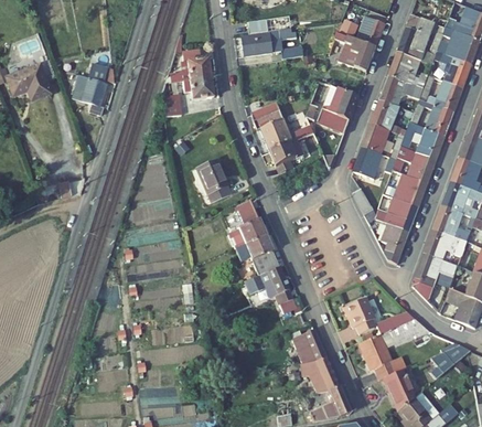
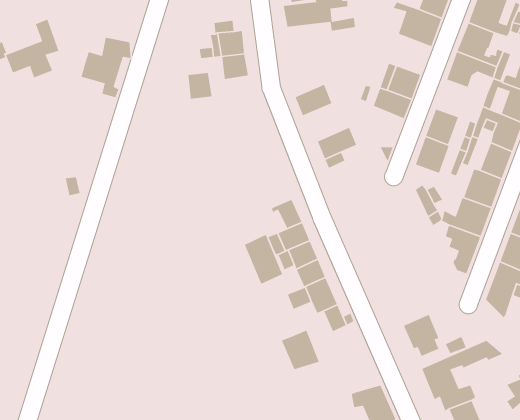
building: [371,99,398,130] -> none
building: [260,119,313,151] -> none
building: [196,159,229,202] -> [244,234,283,285]
building: [291,329,324,363] -> [281,330,320,370]

